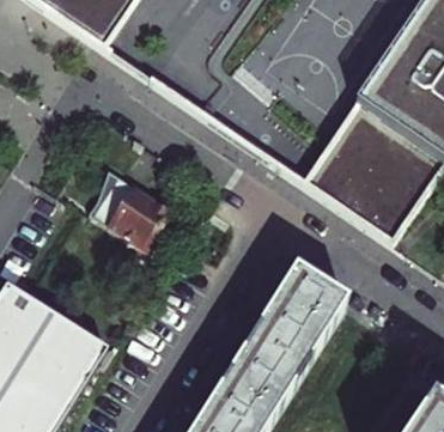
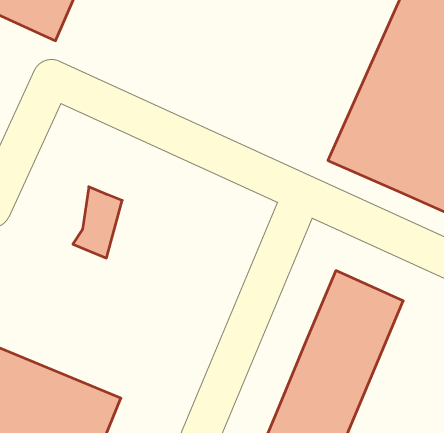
building: [112,180,176,247] -> none

